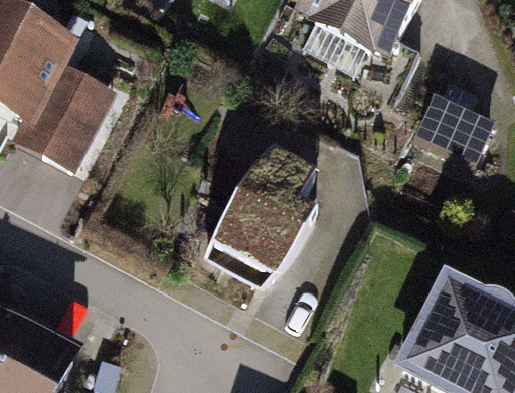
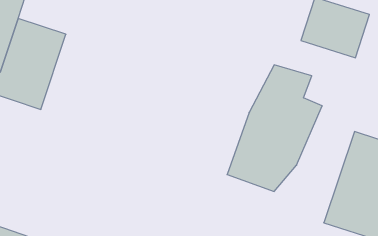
building: [194,150,322,302] -> [227,65,322,191]

